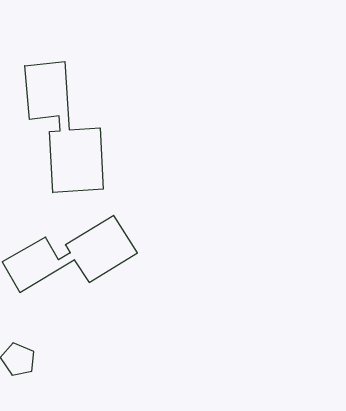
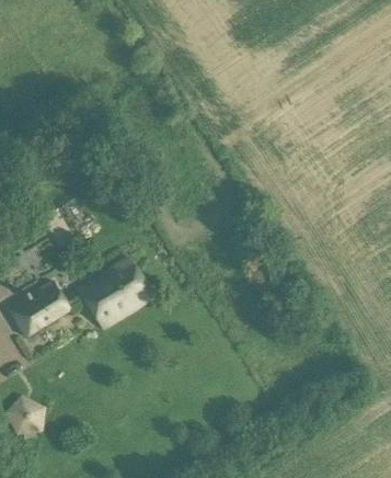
building: [25,62,103,193] -> none

